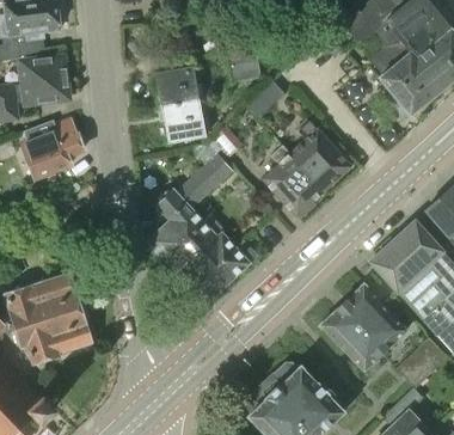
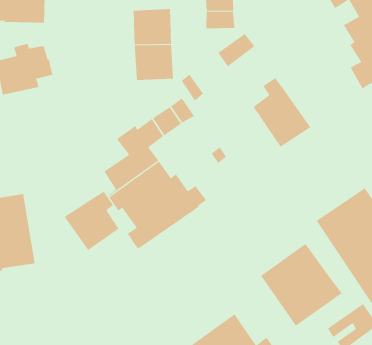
building: [263,145,324,219] -> none
building: none -> [64,191,127,251]

